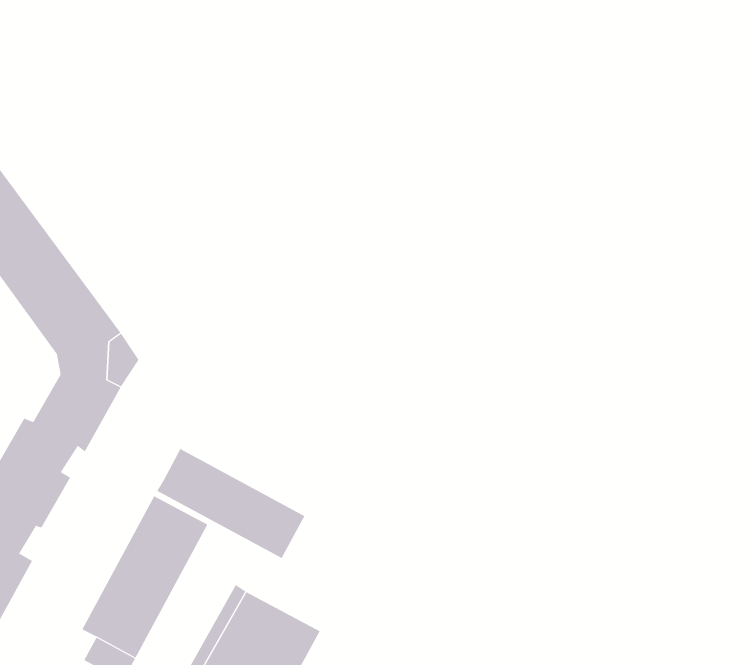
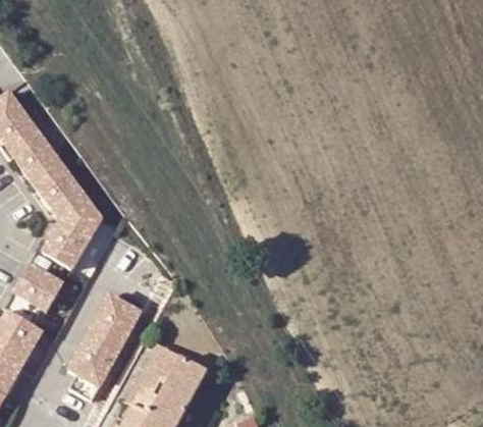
building: [156,448,305,559] -> none

